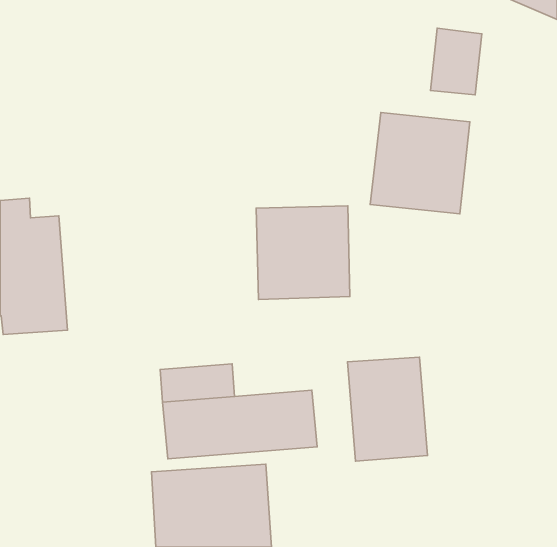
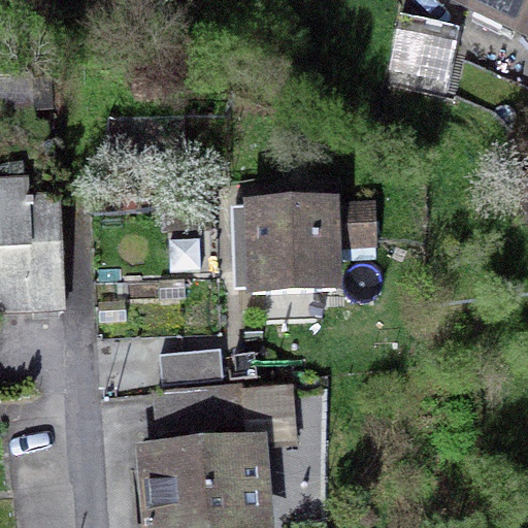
building: [370,113,470,214] -> none
building: [348,357,427,461] -> none

